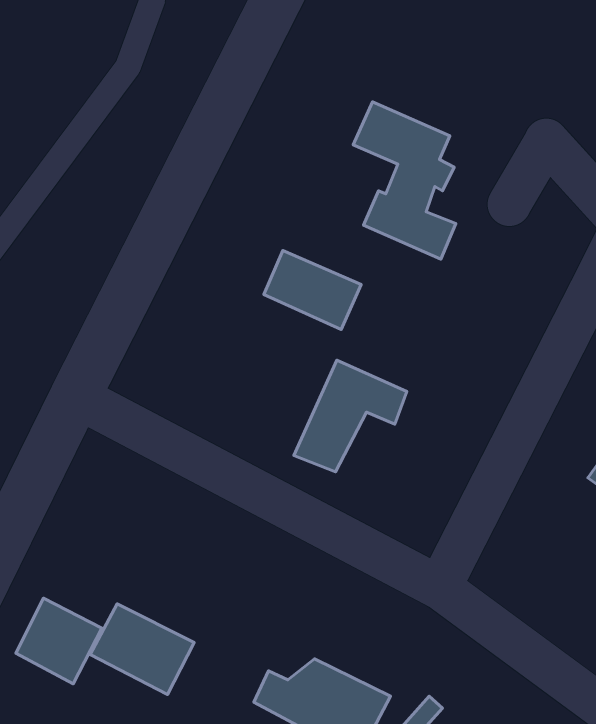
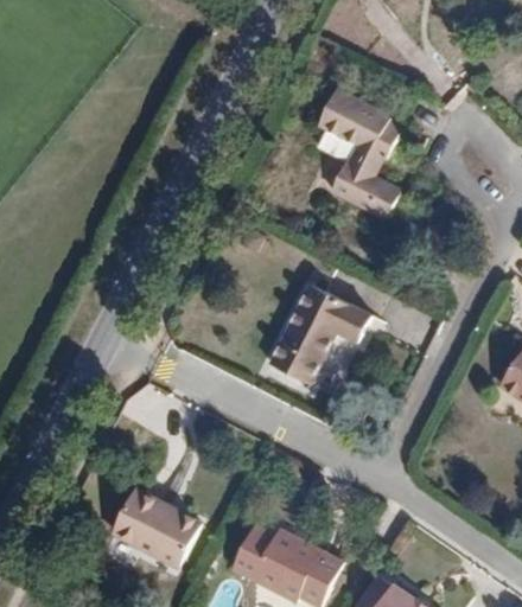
building: [264,250,361,330] -> none
building: [16,598,102,684] -> none

